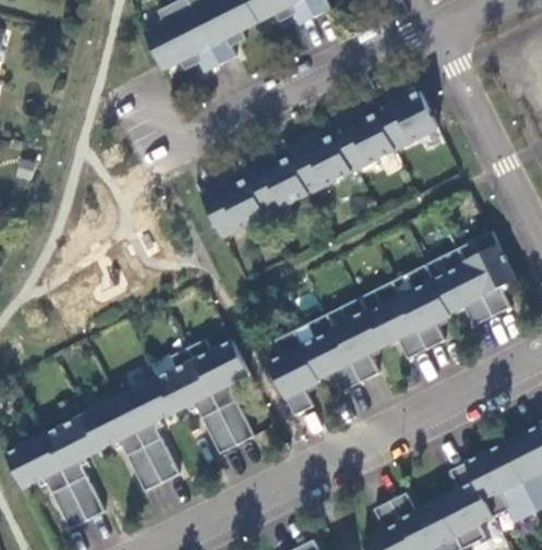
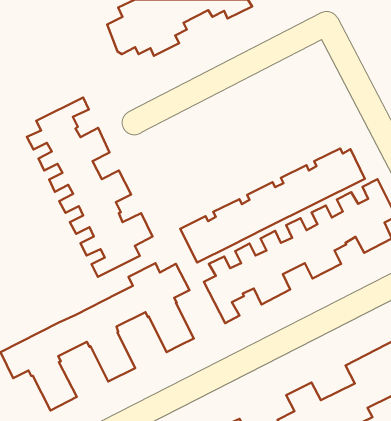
building: [200,90,437,237] -> [180,148,365,263]
building: none -> [27,97,153,277]

